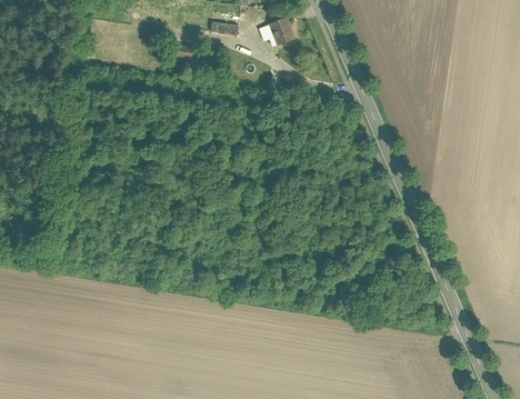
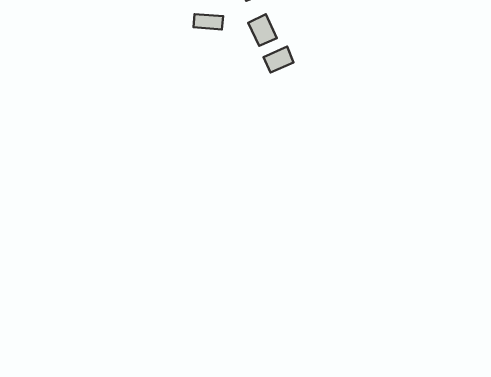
building: none -> [263,47,293,72]

